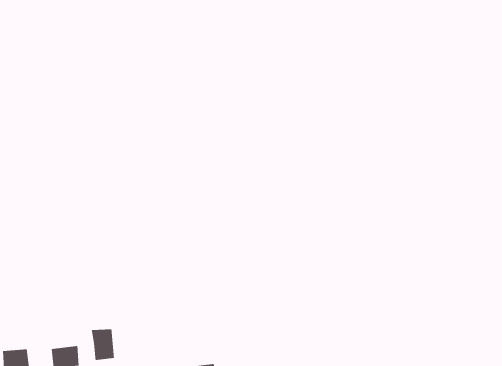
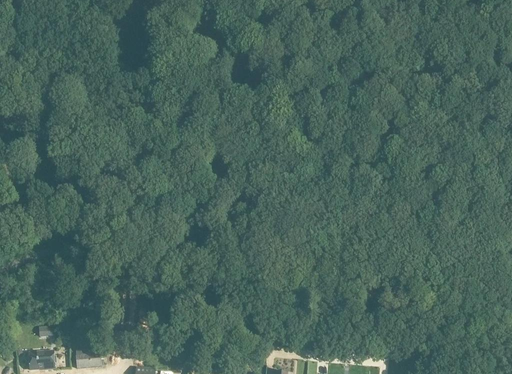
building: [91,328,115,361] -> none

